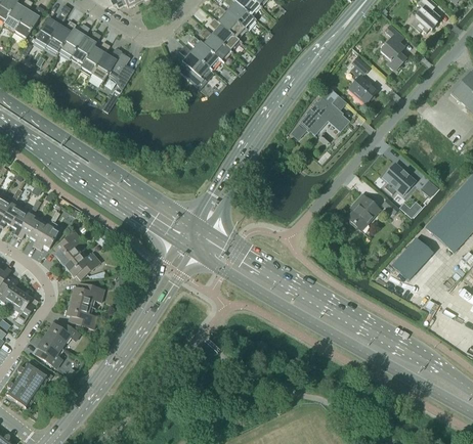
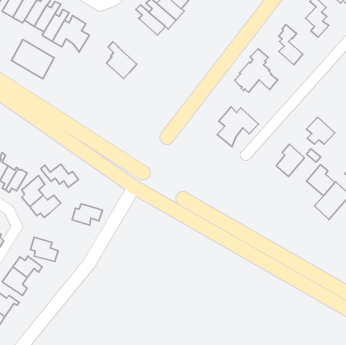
building: [176,44,211,86] -> [106,42,137,78]
building: none -> [11,40,54,79]
building: none -> [217,107,259,147]
building: none -> [41,164,79,188]
building: none -> [306,165,335,196]
building: [70,282,104,307] -> [72,204,102,225]

